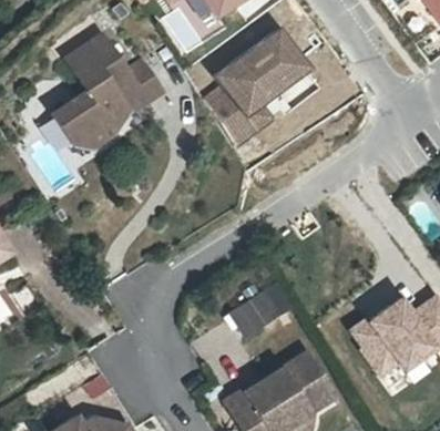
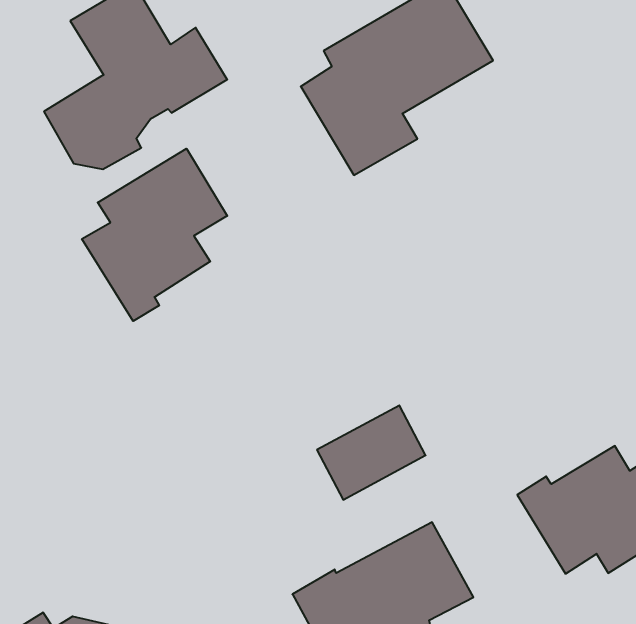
building: none -> [82,149,227,321]

